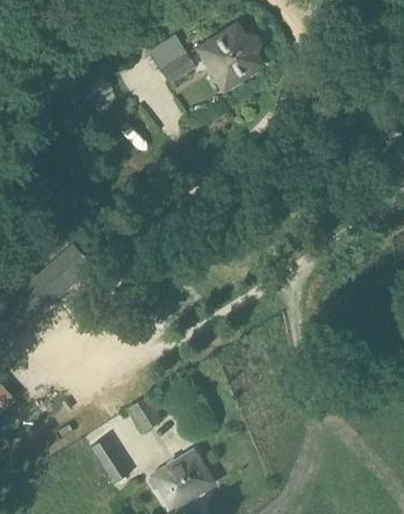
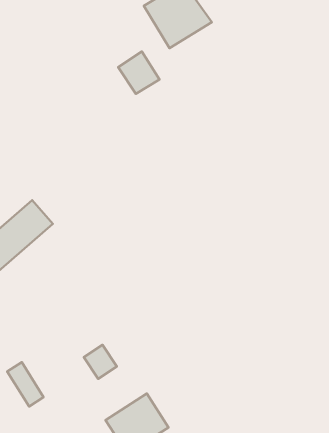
building: [153,41,197,85] -> [118,52,160,94]
building: [92,437,130,484] -> [7,362,43,407]

